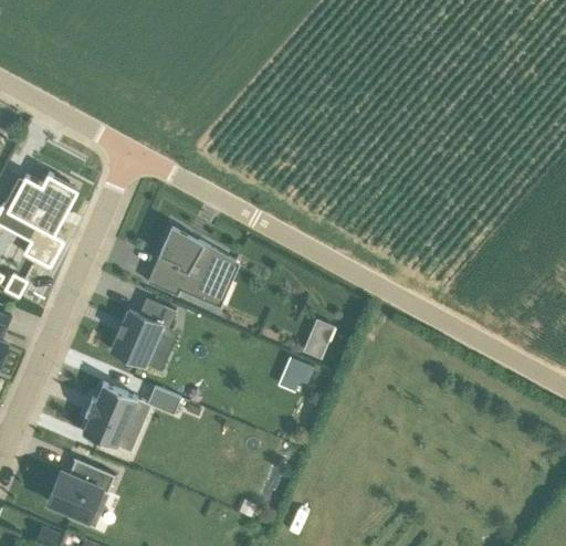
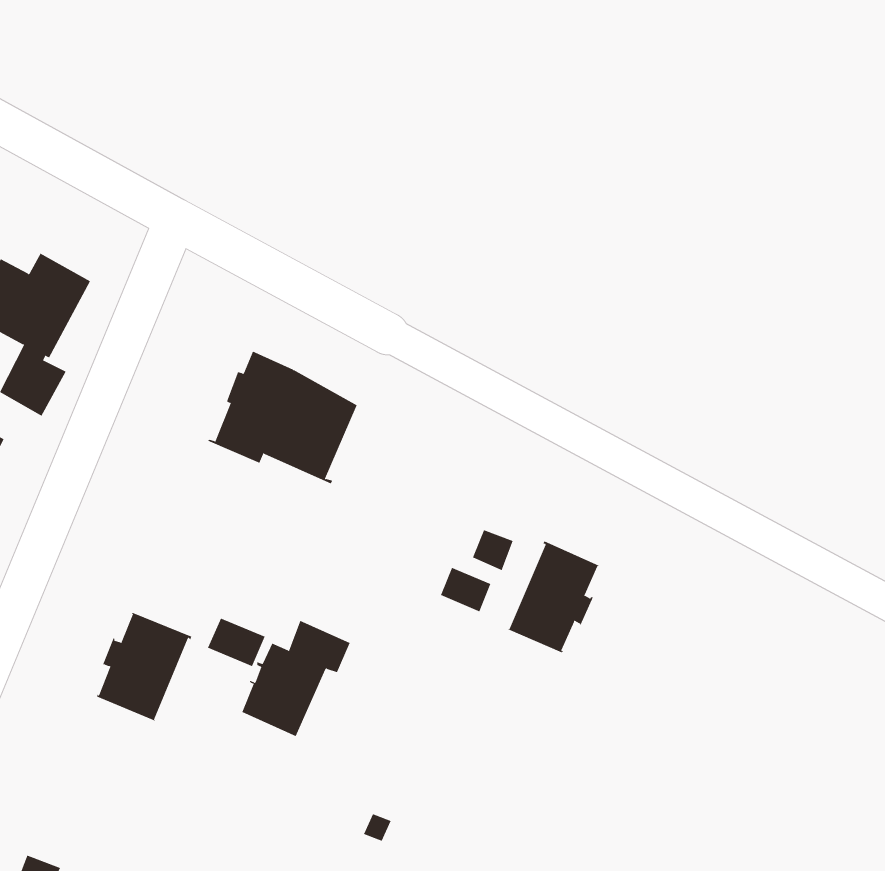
building: [112,297,176,366] -> [242,620,351,737]
building: none -> [508,541,599,653]
building: [46,456,115,527] -> none

